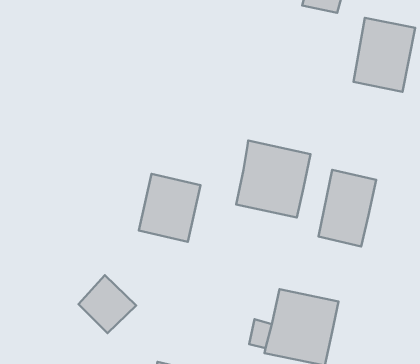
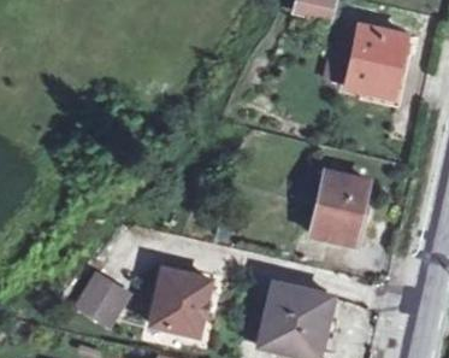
building: [236,141,310,217] -> none
building: [139,174,200,242] -> [152,269,211,334]

